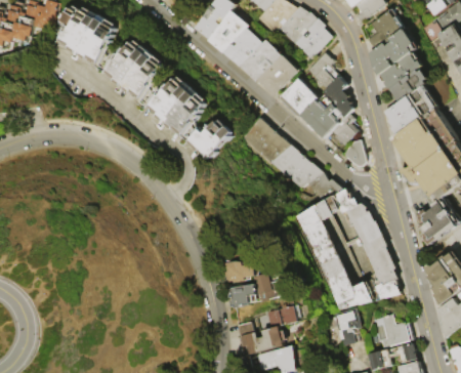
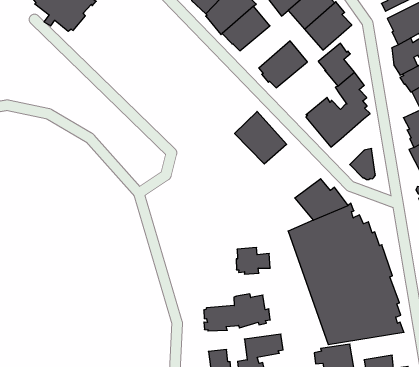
building: [106,40,162,98] -> none
building: [240,40,282,81] -> none
building: [148,77,205,134] -> none
building: [280,78,319,117] -> none
building: [333,115,358,146] -> none
building: [185,120,233,159] -> none
building: [269,142,319,188] -> none
building: [226,259,256,283] -> [236,248,270,274]

